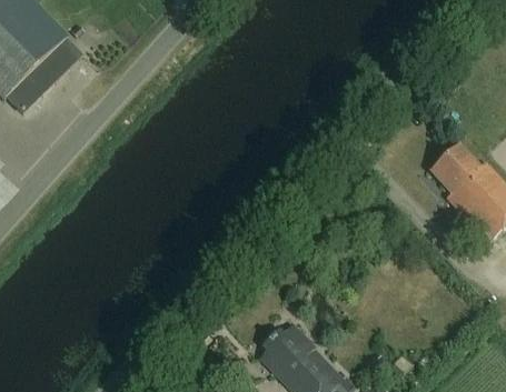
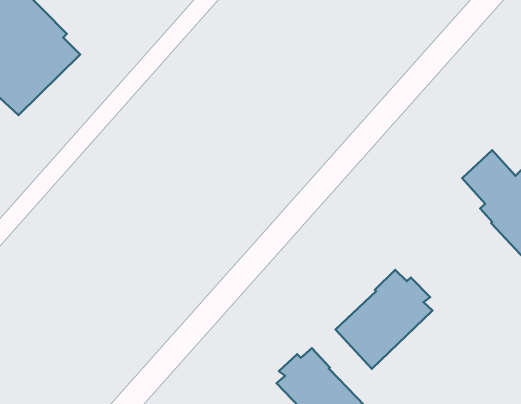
building: none -> [336,270,433,369]

